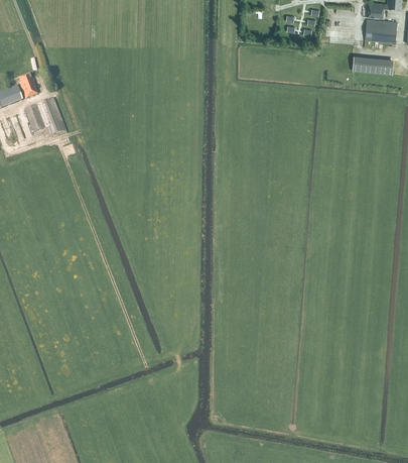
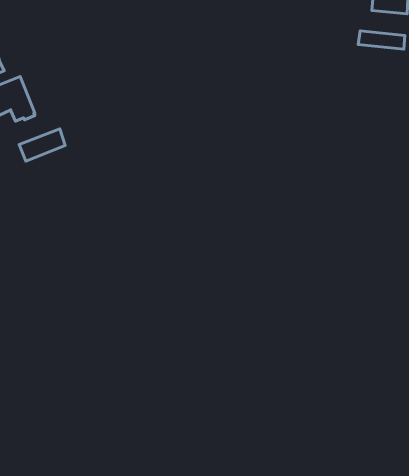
building: none -> [19,129,65,161]

